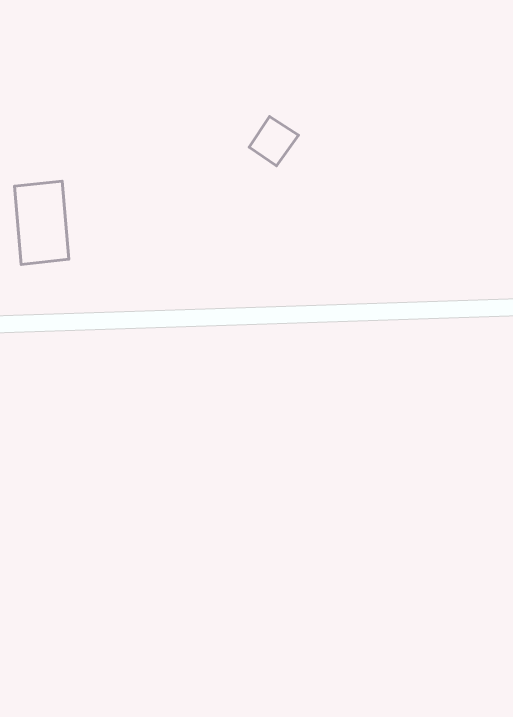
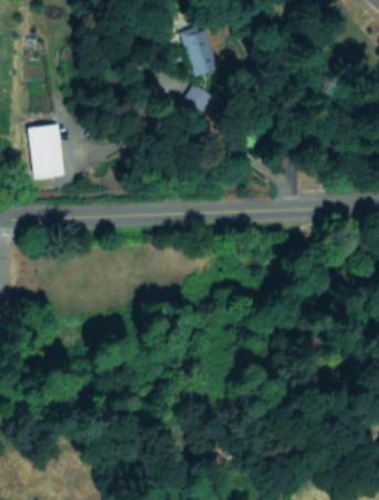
building: none -> [182,25,218,76]

